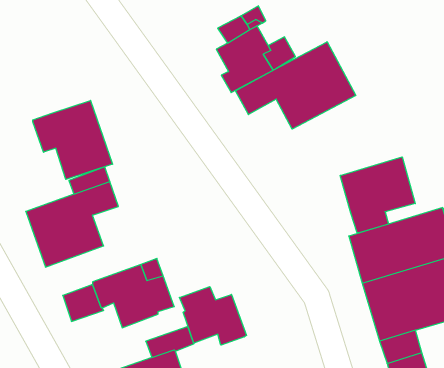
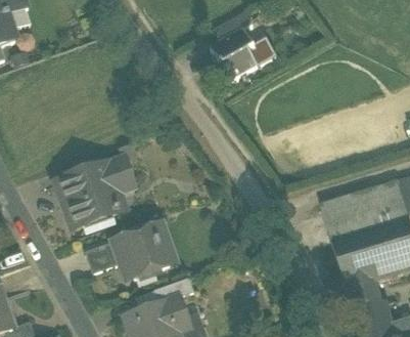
building: [236,42,356,129] -> none
building: [33,100,113,179] -> none
building: [340,157,415,233] -> none
building: [179,287,246,345] -> none

